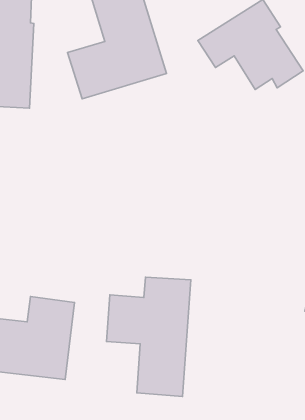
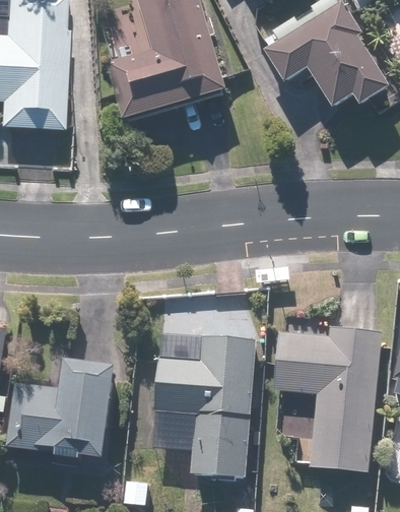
building: none -> [271,325,380,471]

